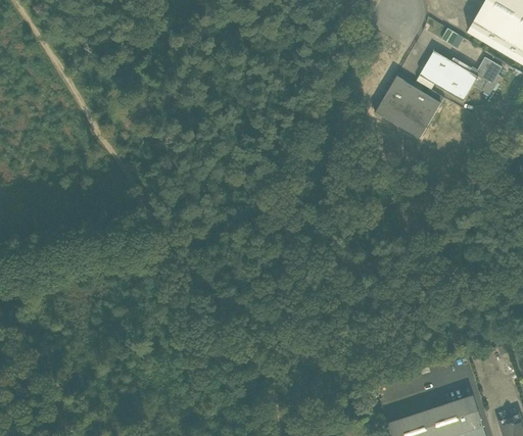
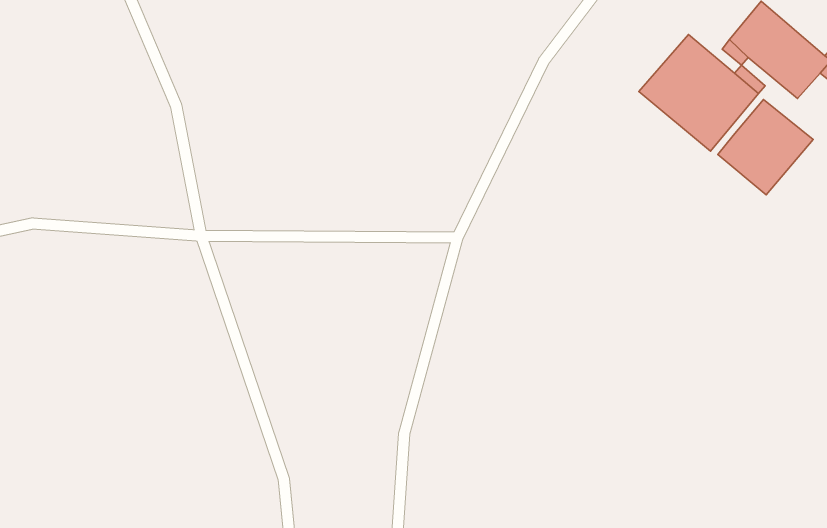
building: none -> [718,99,813,195]

